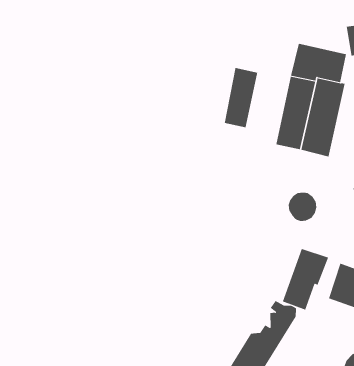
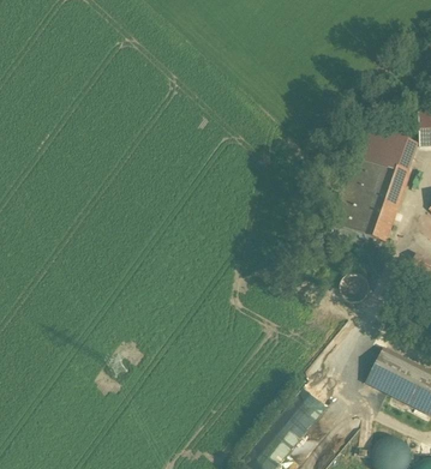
building: [224,67,258,128] -> none
building: [282,248,329,311] -> none

